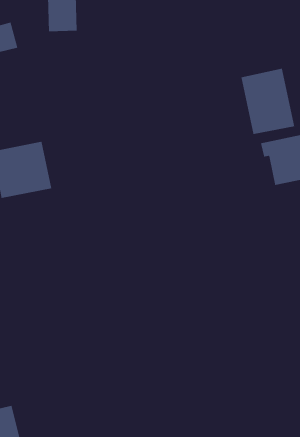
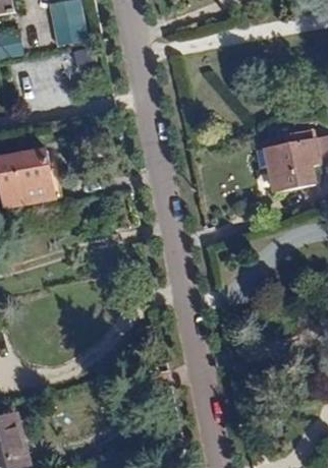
building: [241,68,295,135] -> none

